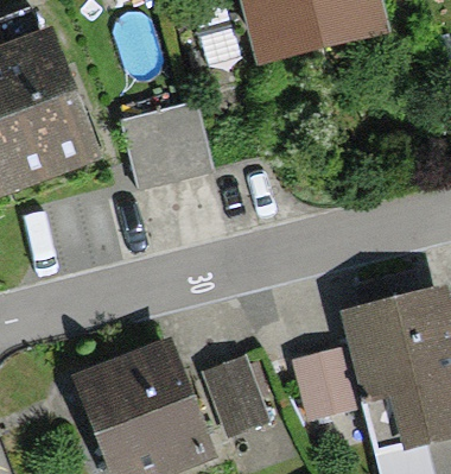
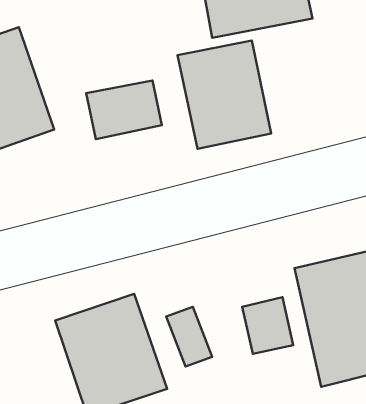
building: none -> [178,41,271,149]

